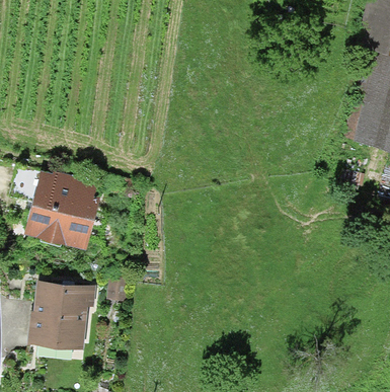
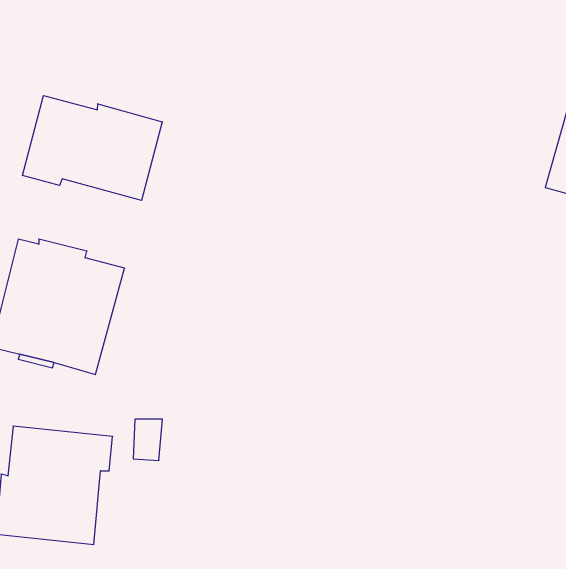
building: none -> [22,96,162,200]

